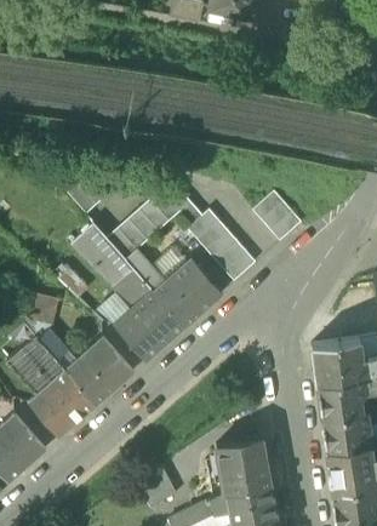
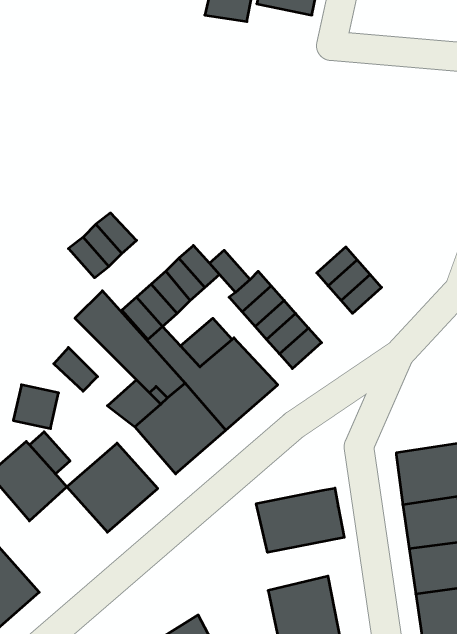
building: [29,370,96,436] -> none
building: none -> [256,488,344,552]

